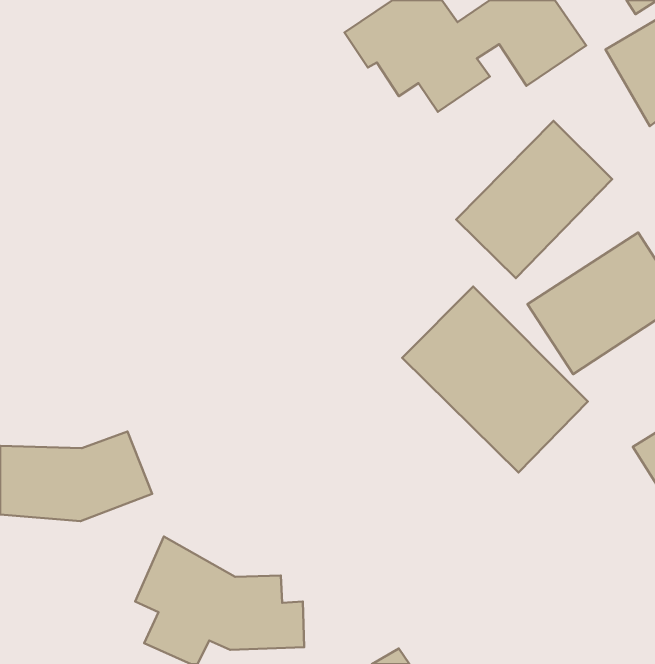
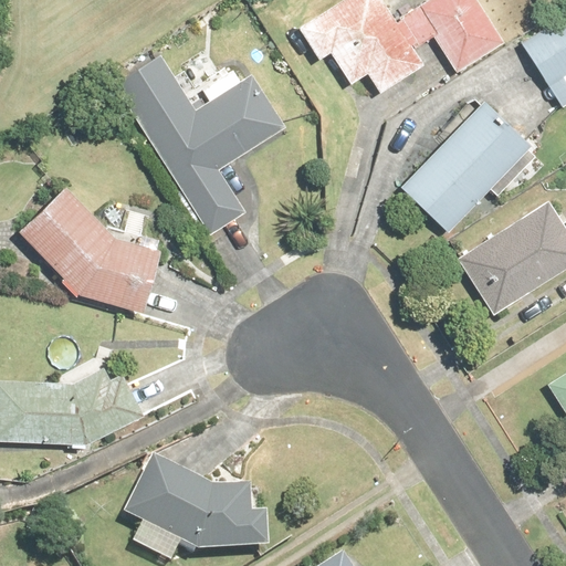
building: none -> [112,49,291,237]
building: none -> [18,185,157,312]
building: [402,287,588,473] -> none

